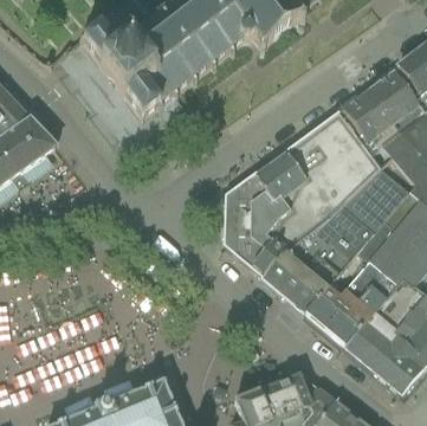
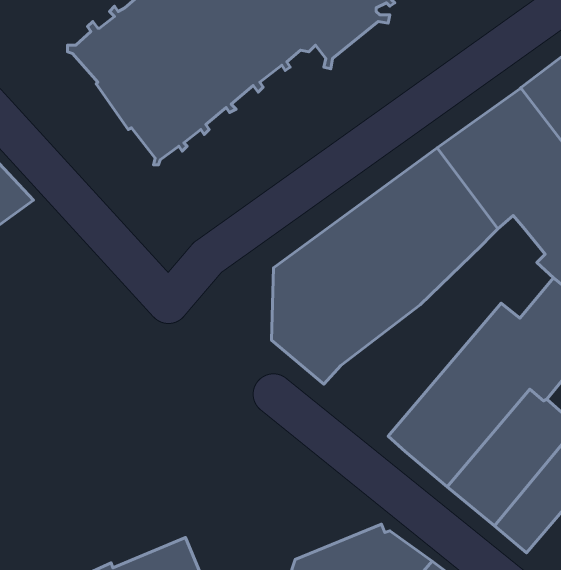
building: [260,166,409,311] -> none

